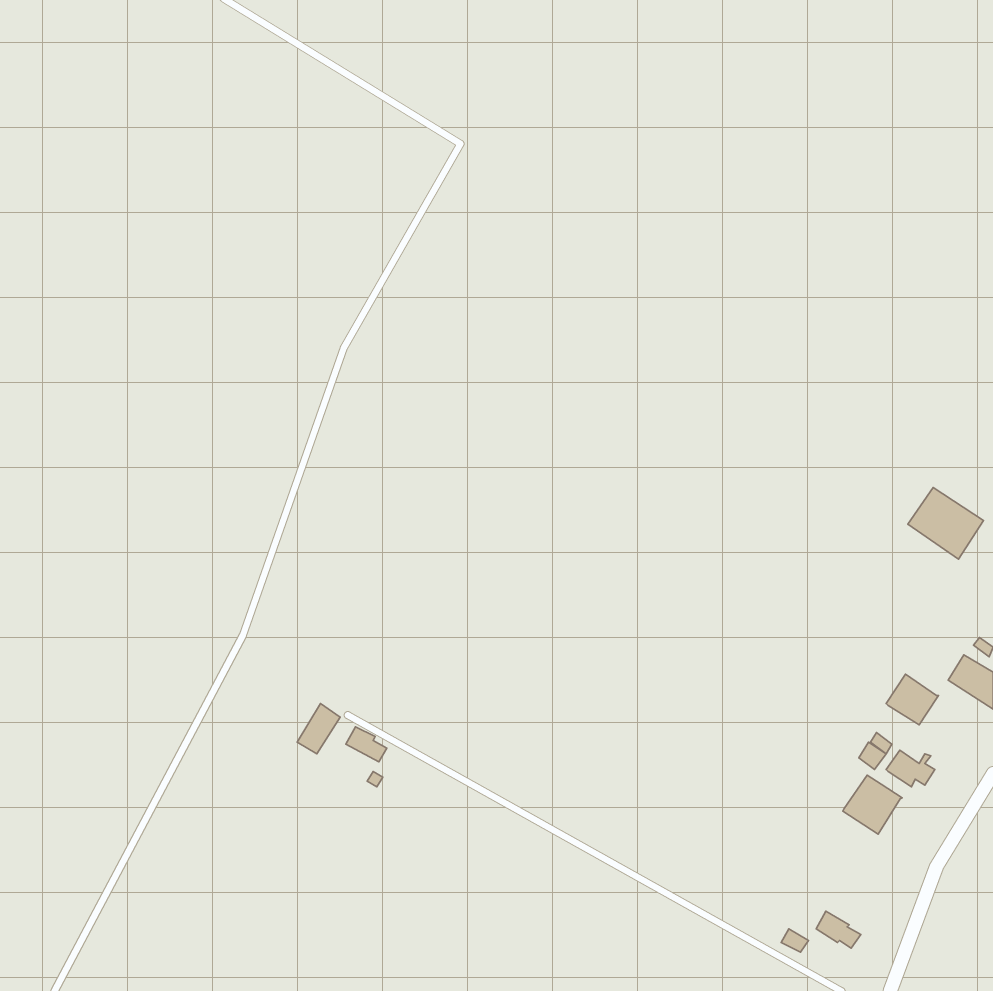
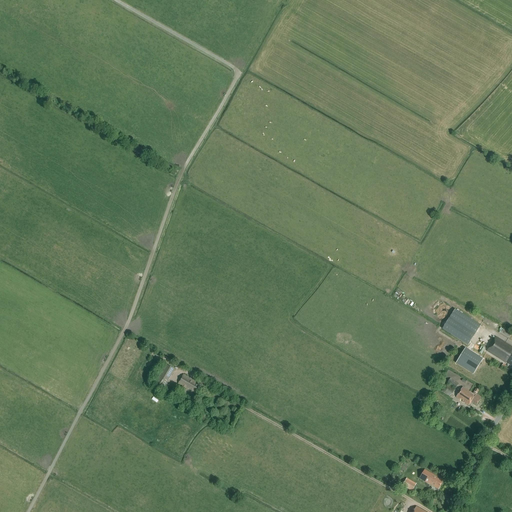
building: [908,487,984,559] -> [442,308,481,345]
building: [843,775,902,834] -> none

